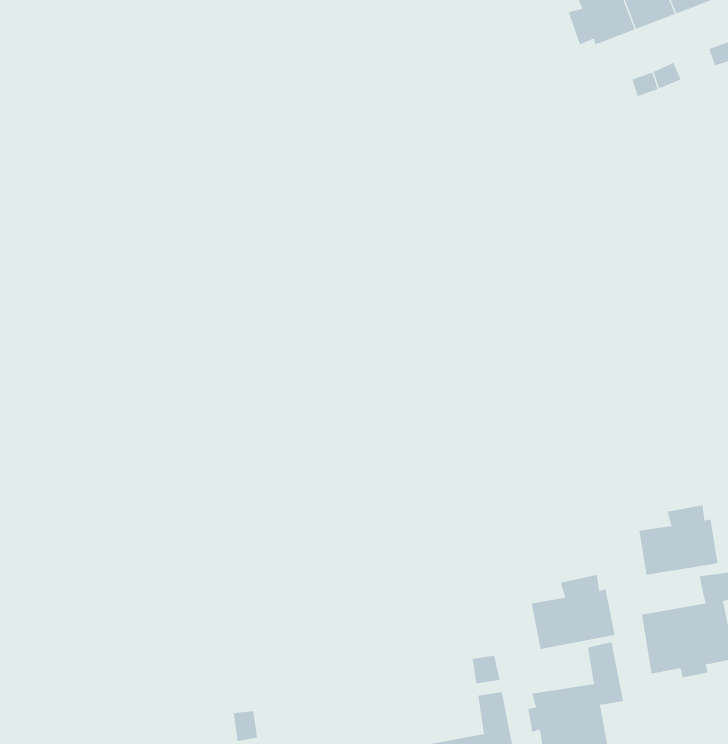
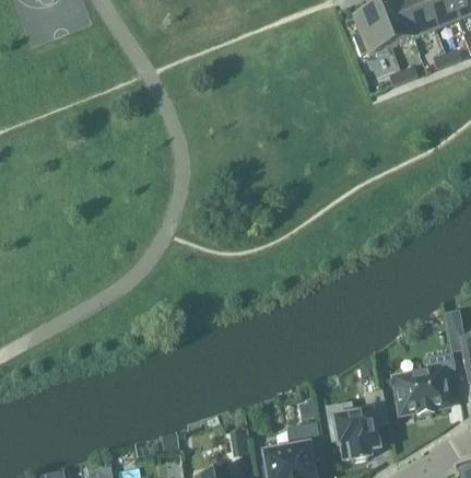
building: [639,505,718,575] -> none
building: [531,574,615,650] -> none

